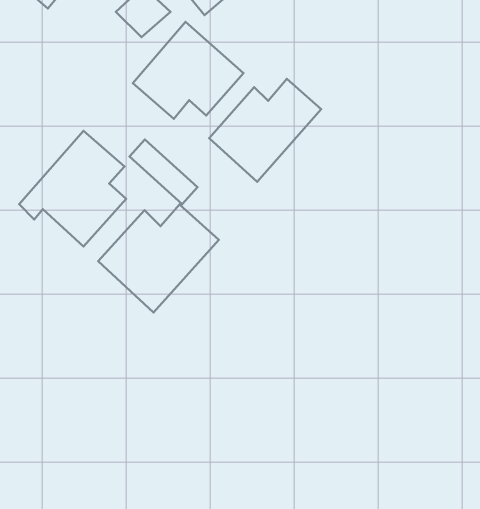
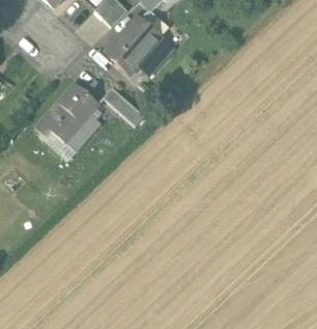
building: [209,79,321,182] -> none
building: [98,204,219,313] -> none

